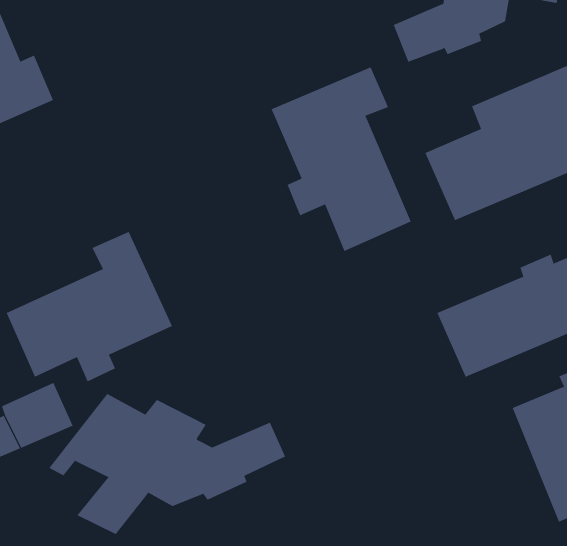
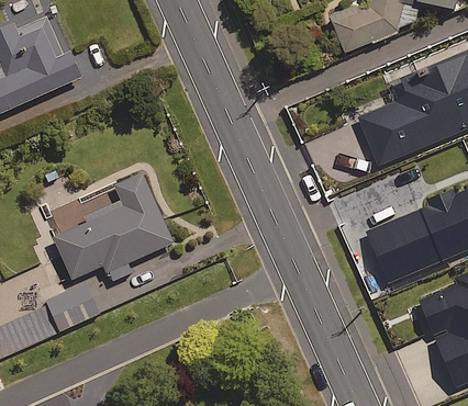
building: [271,67,412,252] -> none
building: [48,393,286,535] -> none

